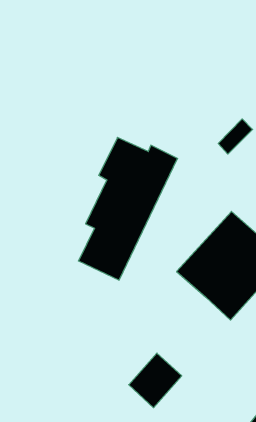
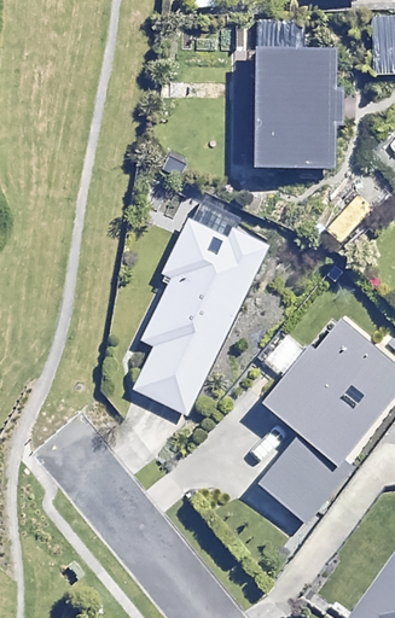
building: none -> [246,45,338,163]
building: [129,353,182,408] -> [267,437,339,512]

